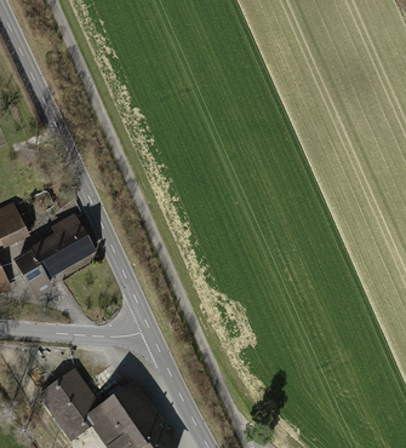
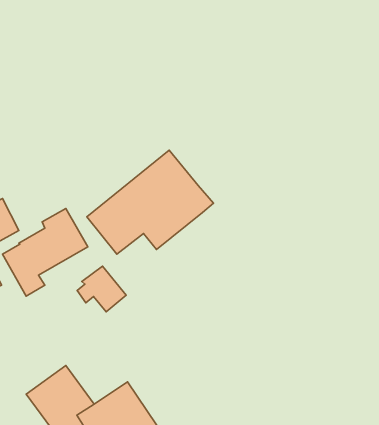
building: none -> [87,150,213,254]
building: none -> [77,266,126,312]

